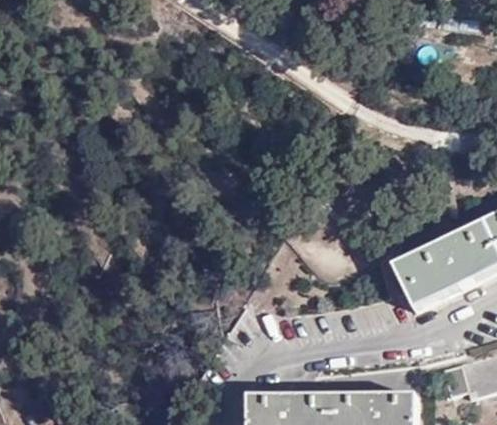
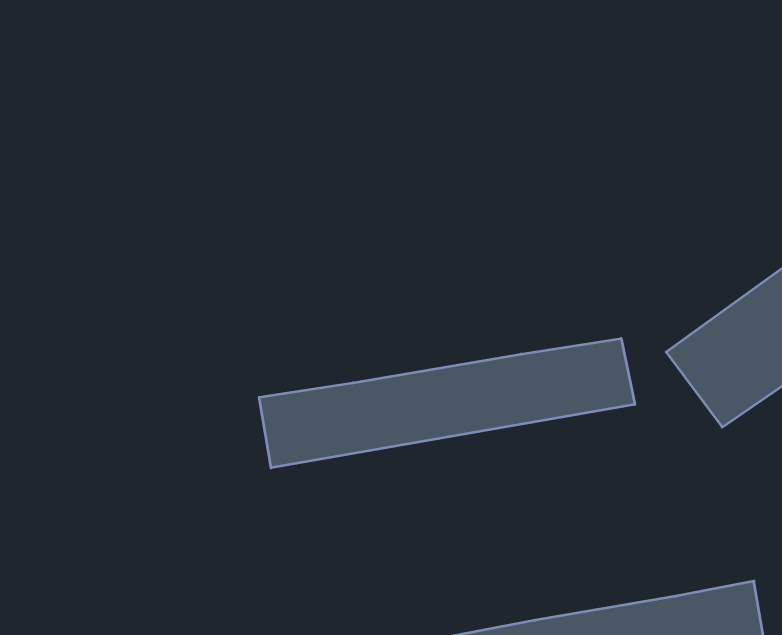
building: none -> [259,338,635,468]

